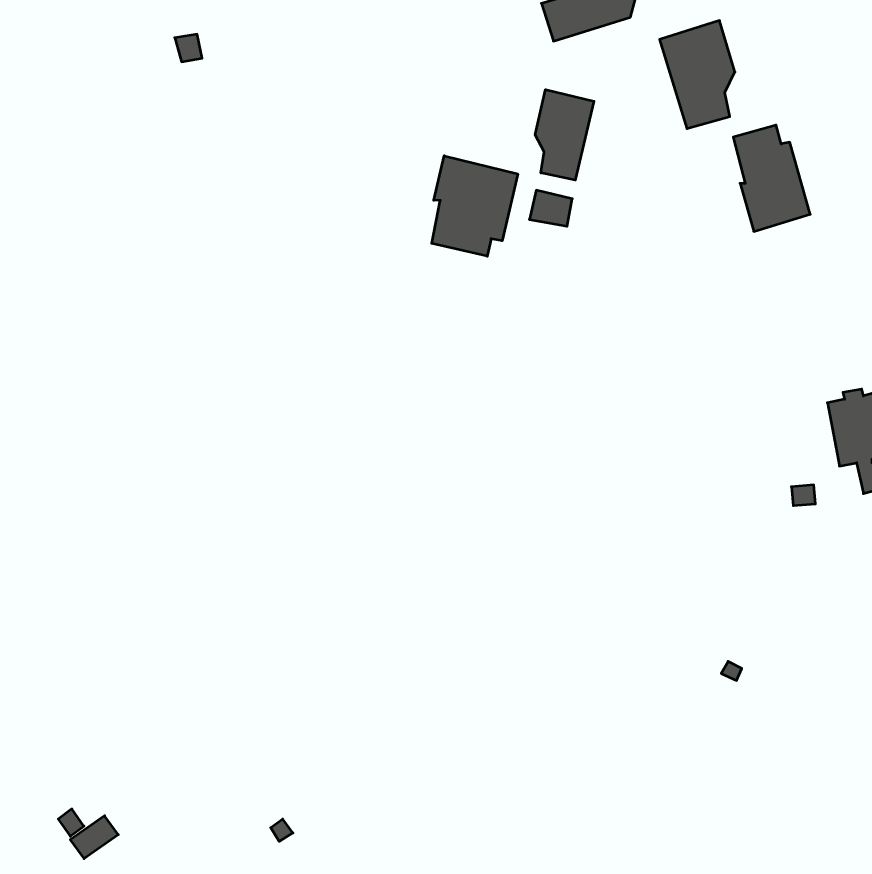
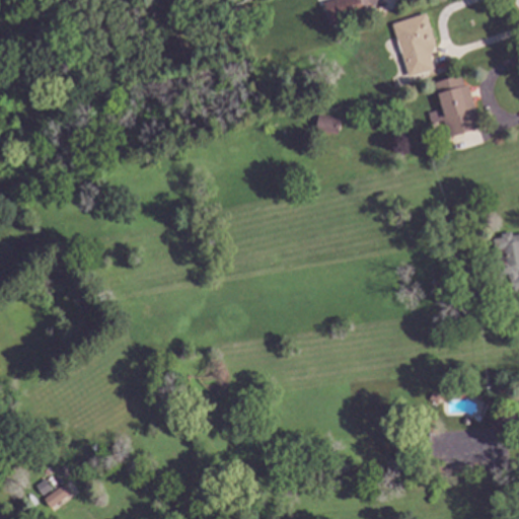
building: [535,90,594,180] -> none
building: [432,156,518,256] -> none

